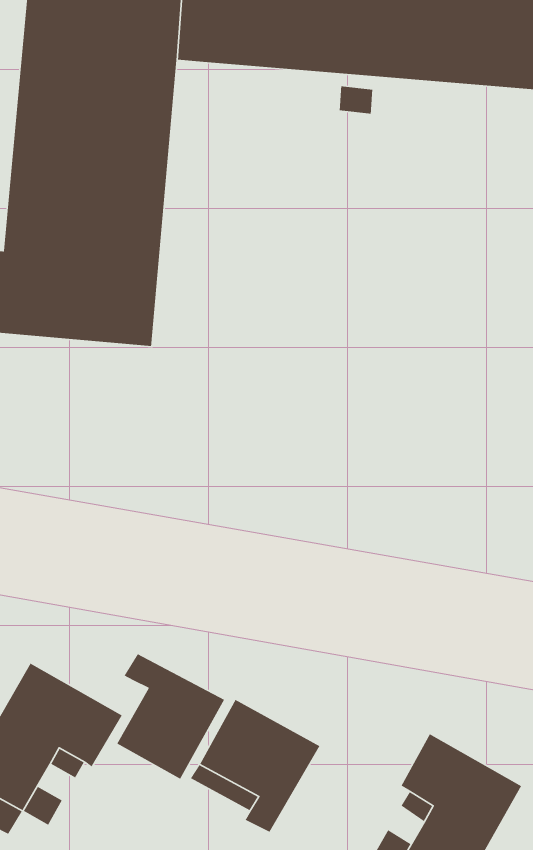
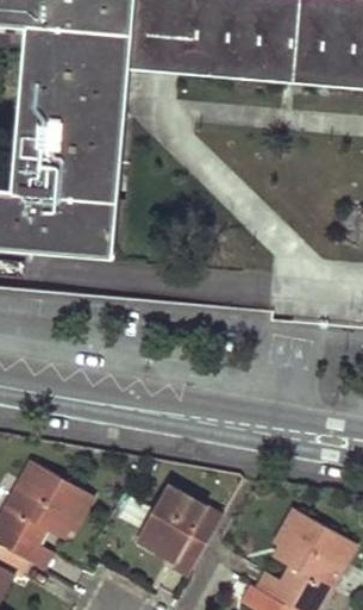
building: [116,653,225,780] -> none

